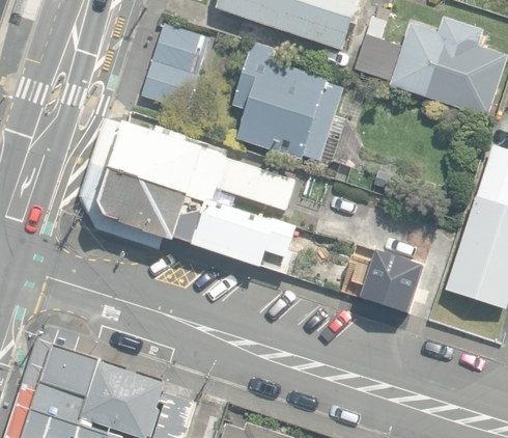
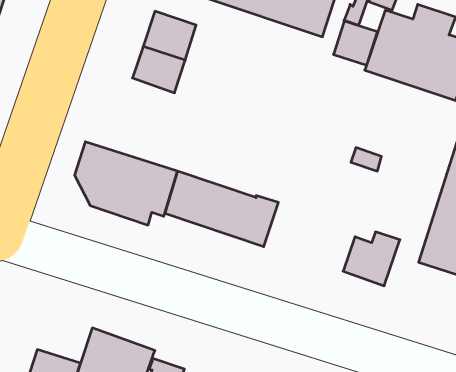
building: [231,40,342,160] -> none
building: [92,114,295,207] -> none
building: [40,343,98,395] -> none

